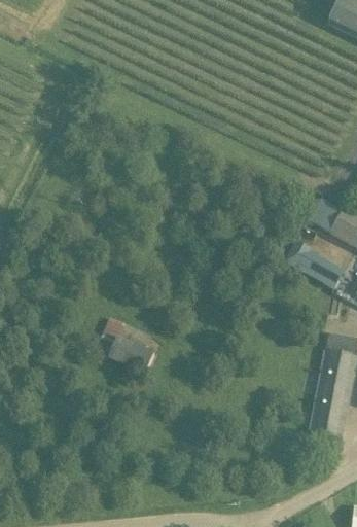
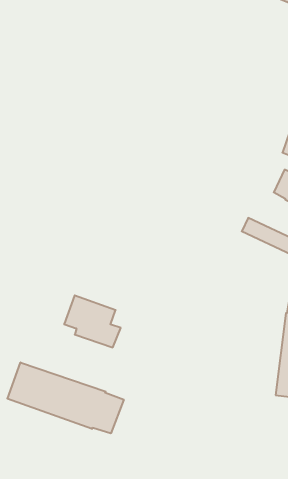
building: none -> [7,362,124,433]

